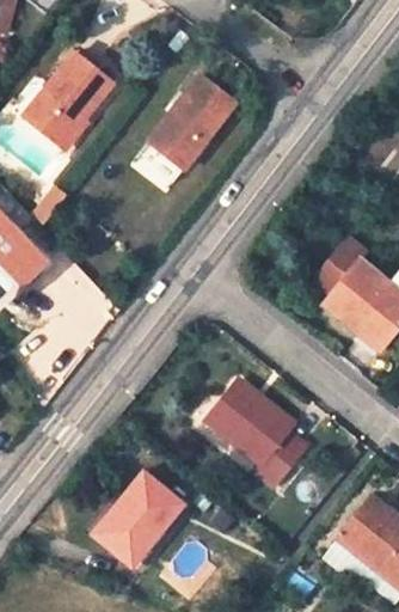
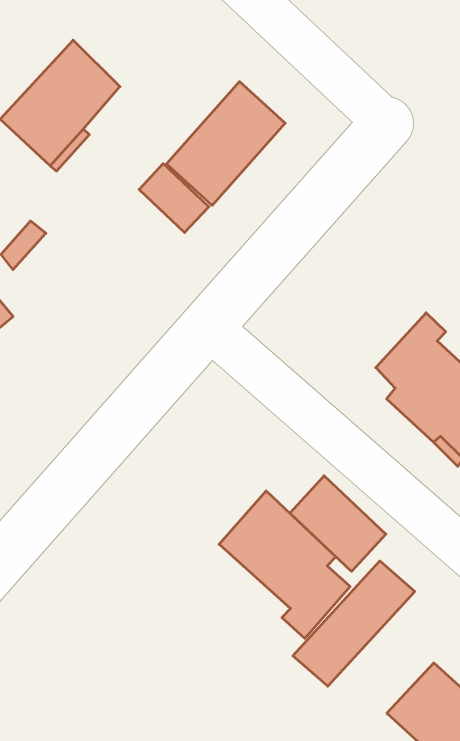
building: none -> [290,476,386,571]
building: none -> [293,561,415,686]
building: [92,471,183,563] -> none

